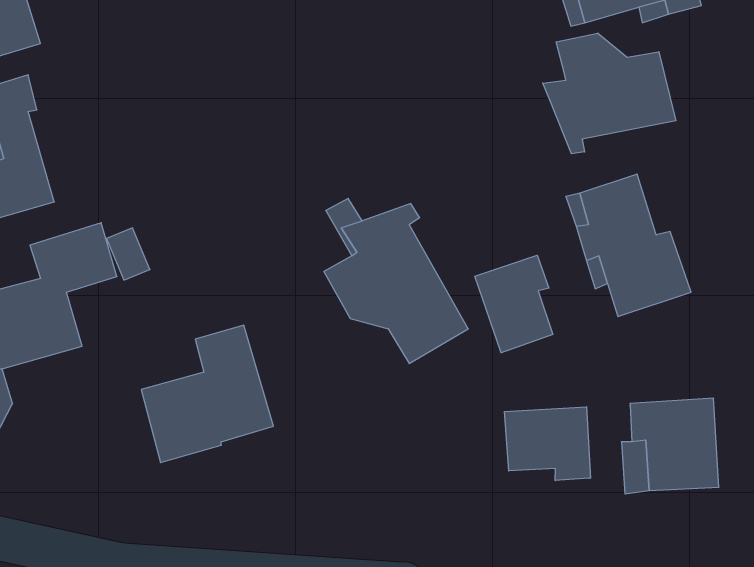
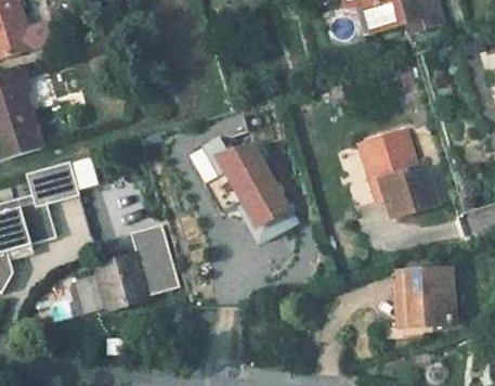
building: [543,33,676,154] -> none
building: [475,255,553,353] -> none
building: [505,407,591,481] -> none

